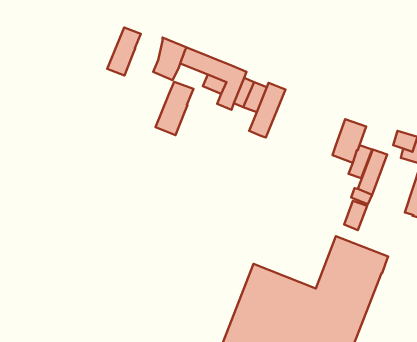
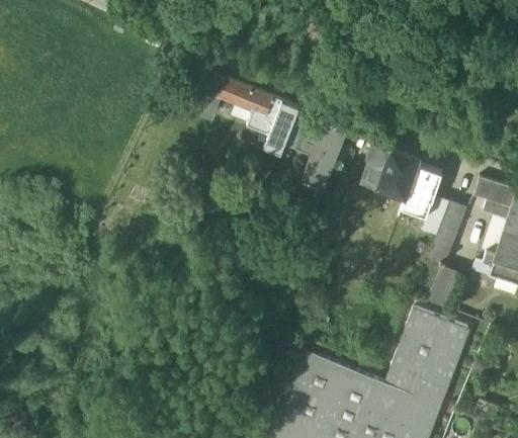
building: [107,28,141,76] -> none
building: [156,82,193,135] -> none
building: none -> [362,142,421,197]

